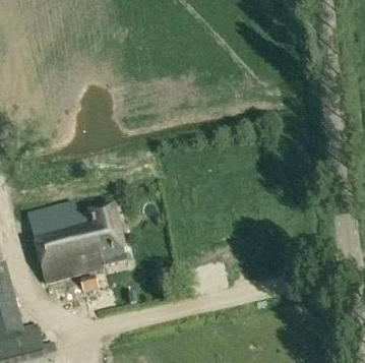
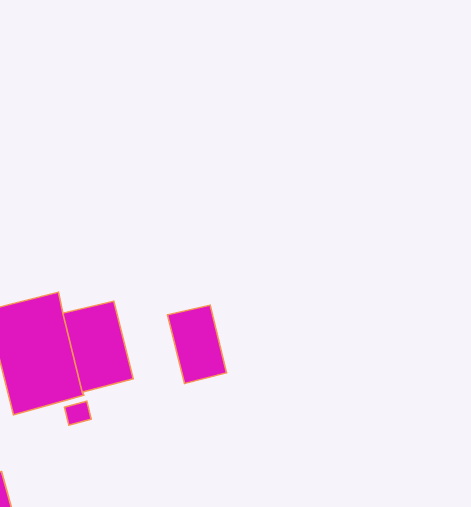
building: none -> [168,305,226,384]

